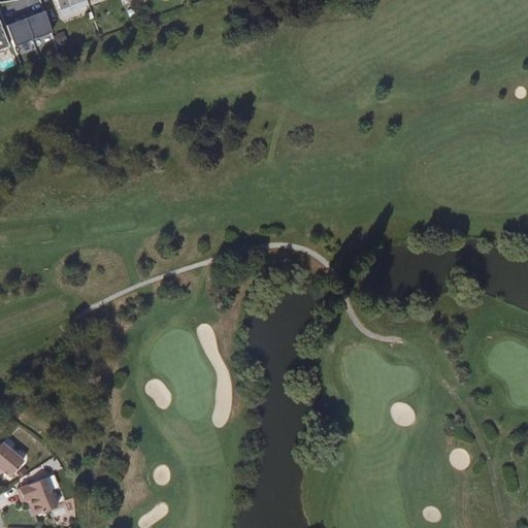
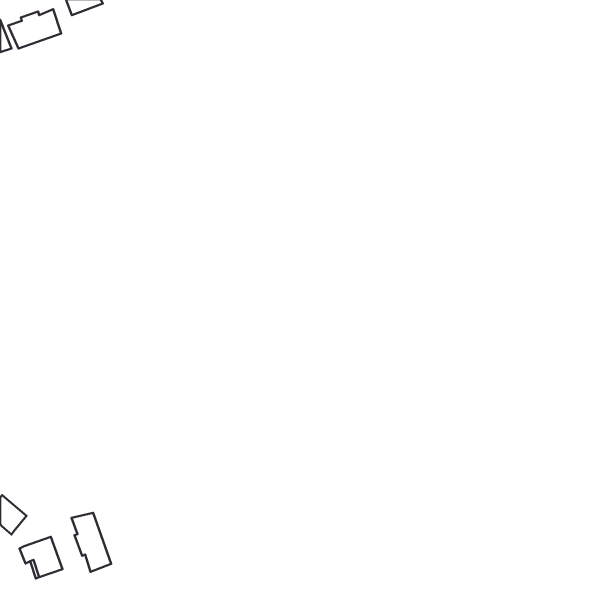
building: none -> [72,513,111,572]

